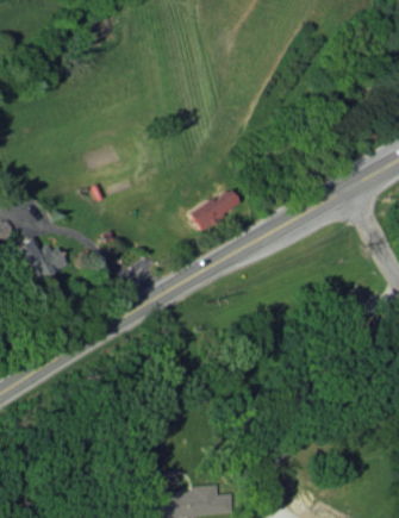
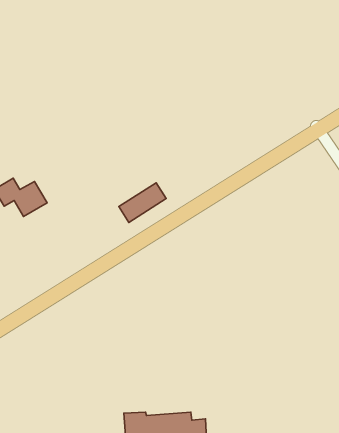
building: [192,188,242,230] -> [119,183,166,222]

